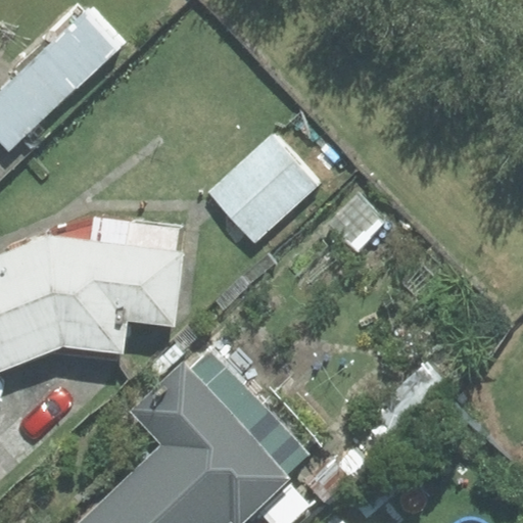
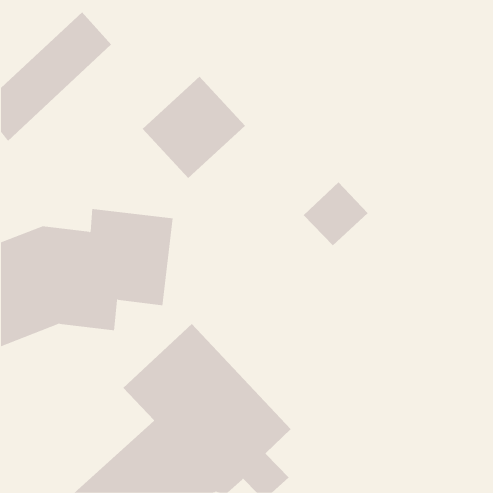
building: [206,138,317,247] -> [142,76,246,179]

